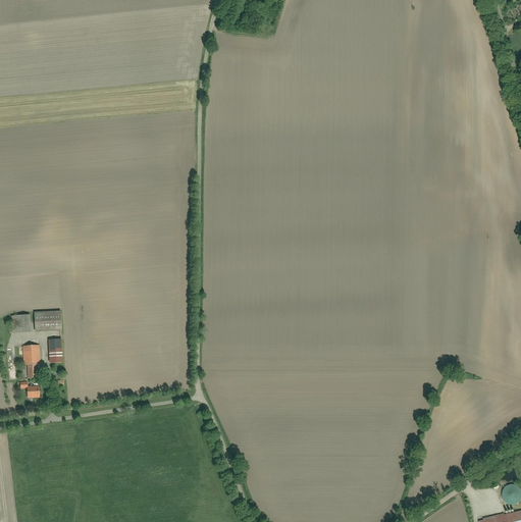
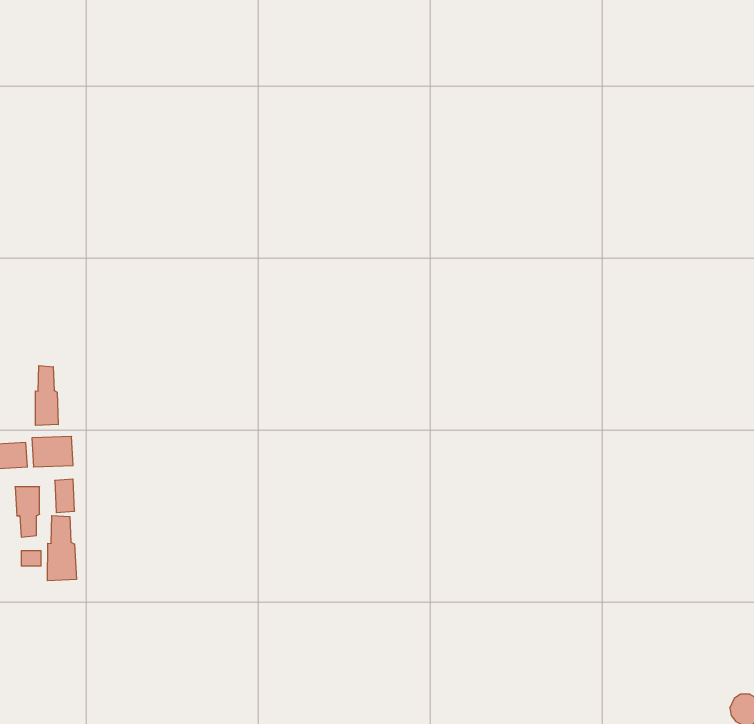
building: none -> [35,366,58,425]
building: none -> [48,516,76,581]

